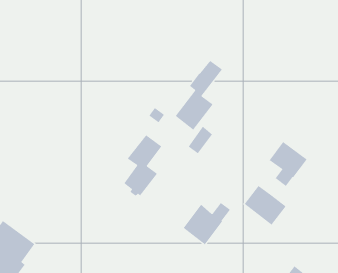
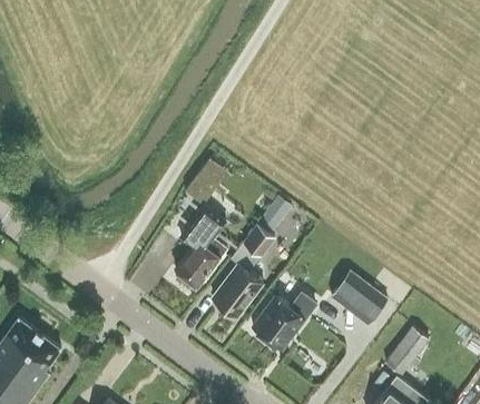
building: [175,60,223,130] -> [213,225,275,316]
building: [269,141,308,187] -> none
building: none -> [384,325,429,375]

